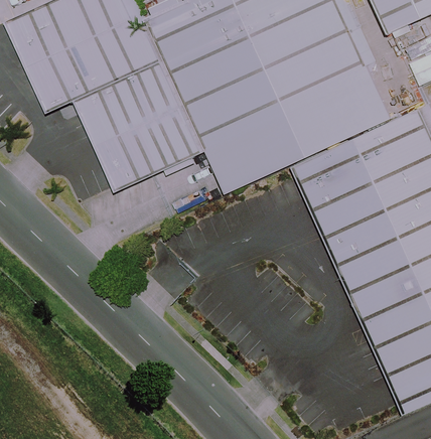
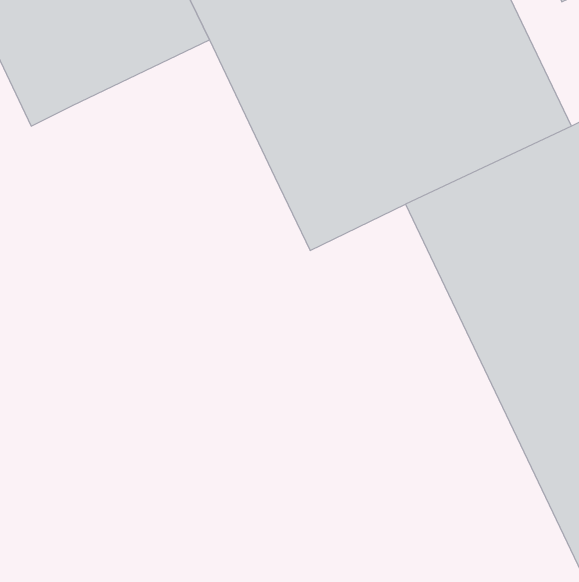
building: [79,60,206,188] -> none

